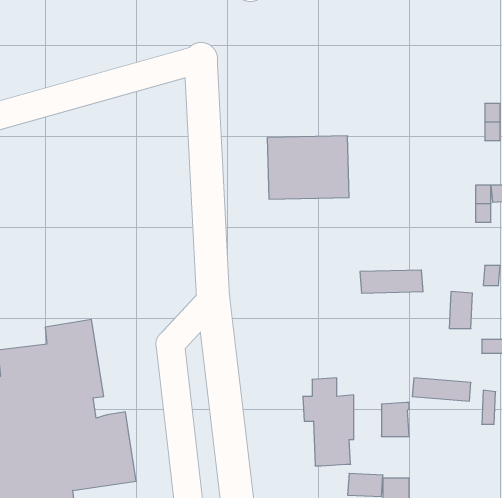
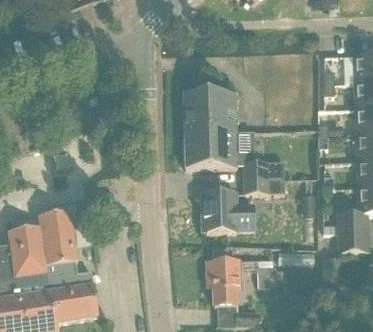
building: none -> [184,132,236,168]
building: none -> [243,161,283,180]
building: none -> [202,192,253,232]

